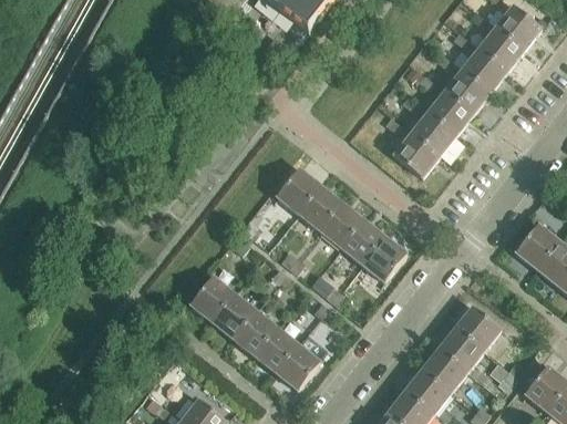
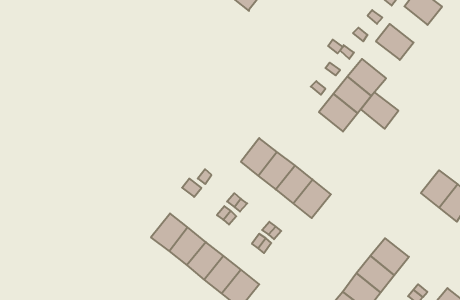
building: [477,28,523,71] -> none
building: [444,70,489,114] -> [361,92,398,129]
building: [276,168,320,215] -> none

